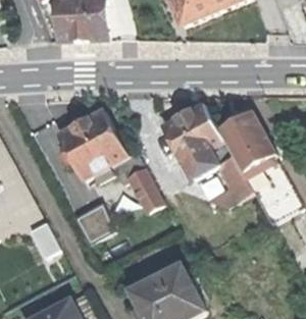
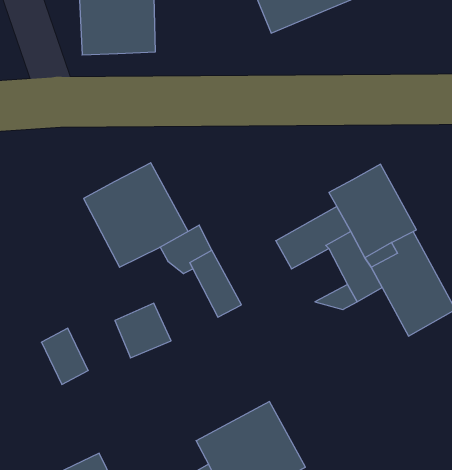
building: [164,101,223,159] -> none

